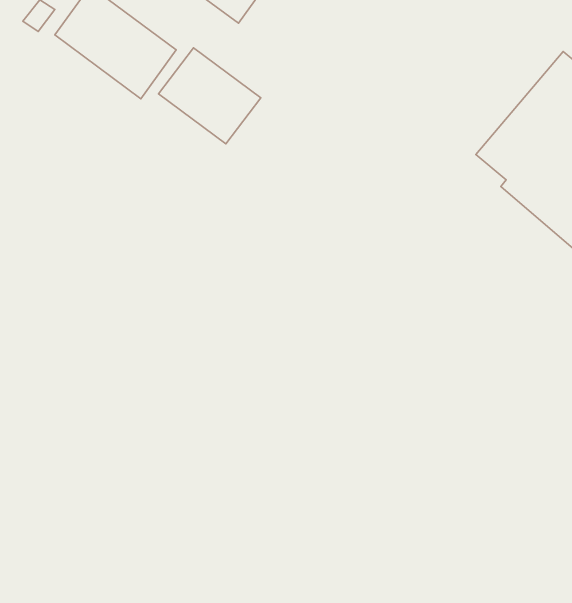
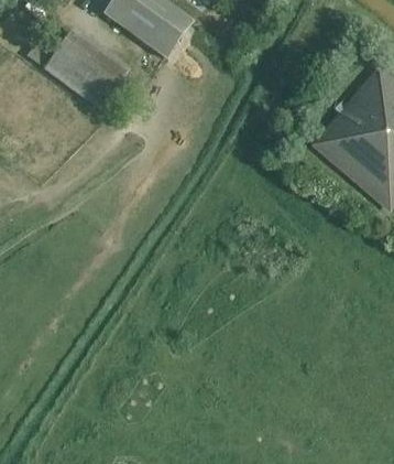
building: [158,48,261,144] -> none

